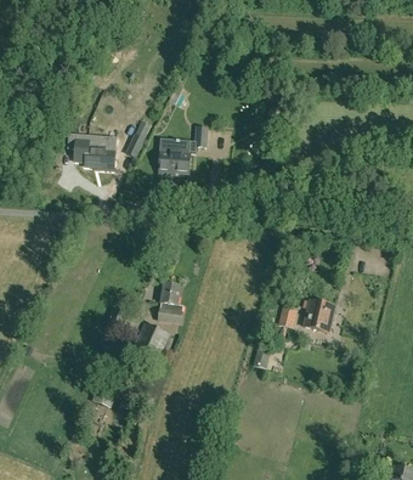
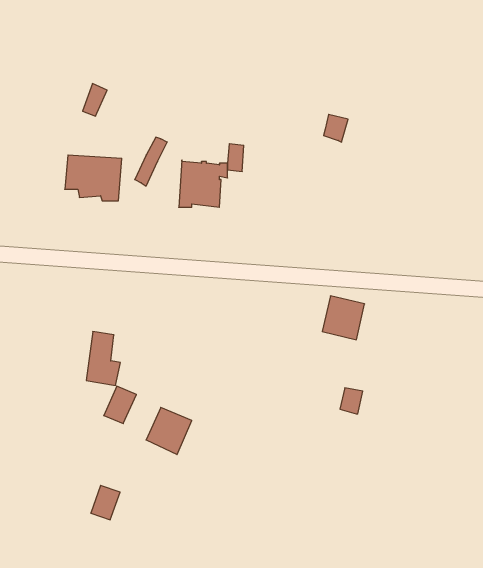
building: [159,282,185,322] -> [86,332,120,385]
building: [304,299,335,332] -> [322,296,365,340]

